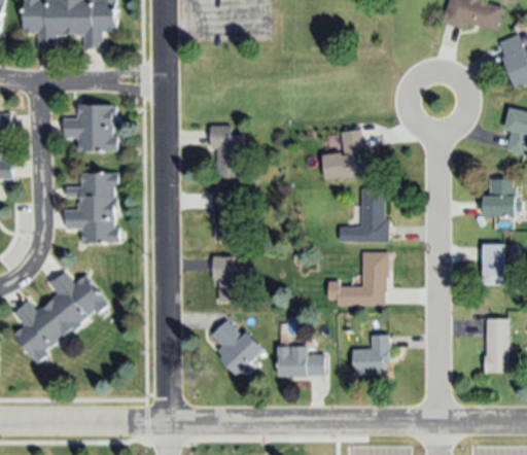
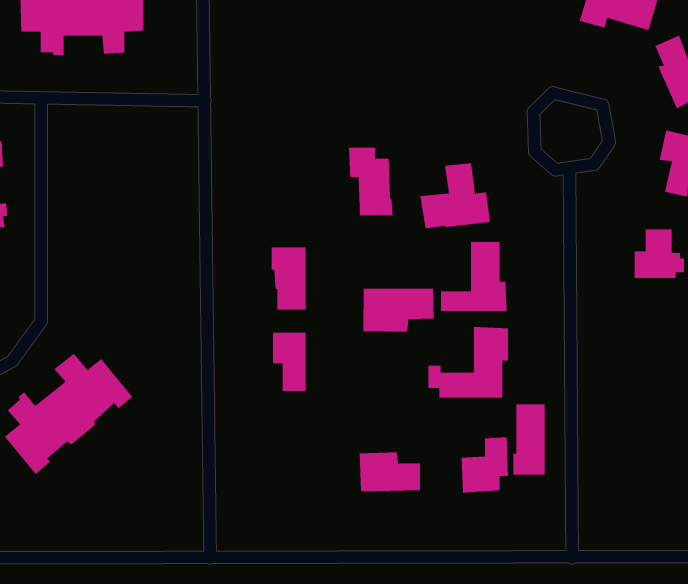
building: [62,104,117,153] -> none
building: [210,127,244,178] -> [348,147,394,216]
building: [63,172,119,243] -> none
building: none -> [363,288,434,332]
building: [481,243,513,283] -> none
building: [484,319,508,373] -> [513,404,546,475]
building: [212,320,262,375] -> none

